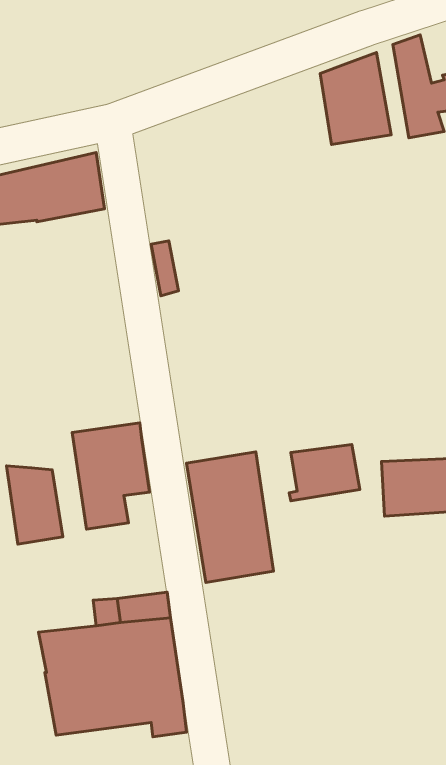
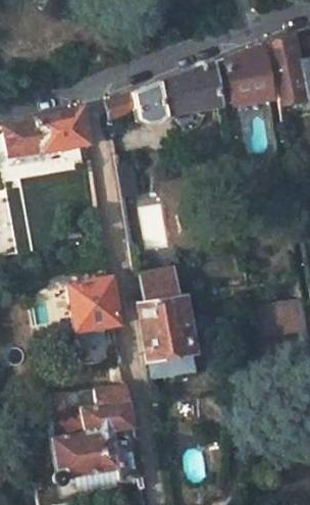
building: none -> [109,62,222,122]
building: [289,445,360,501] -> [141,269,186,305]
building: [7,466,63,544] -> none

